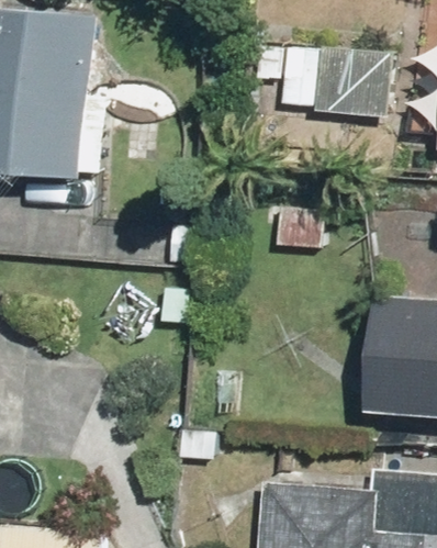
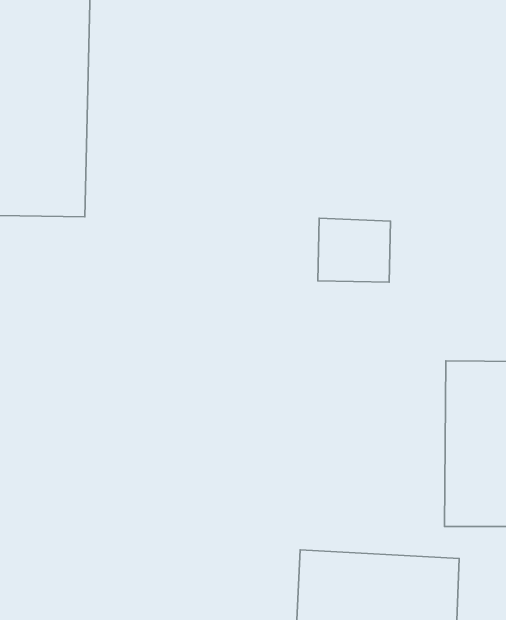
building: [280,38,391,111] -> none

